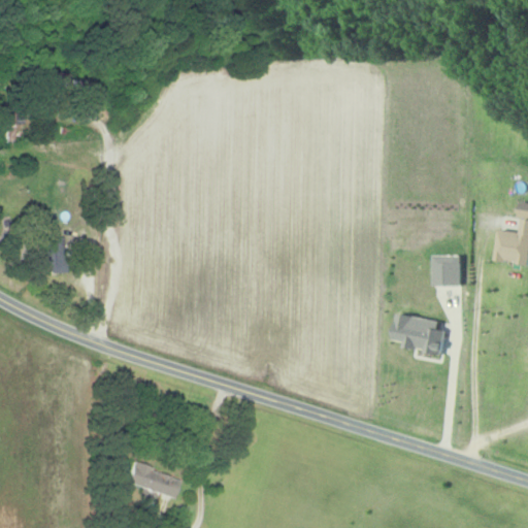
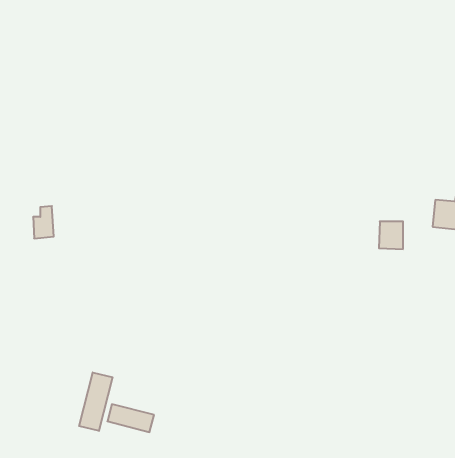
building: [399,314,452,355] -> none
building: none -> [79,372,113,431]

